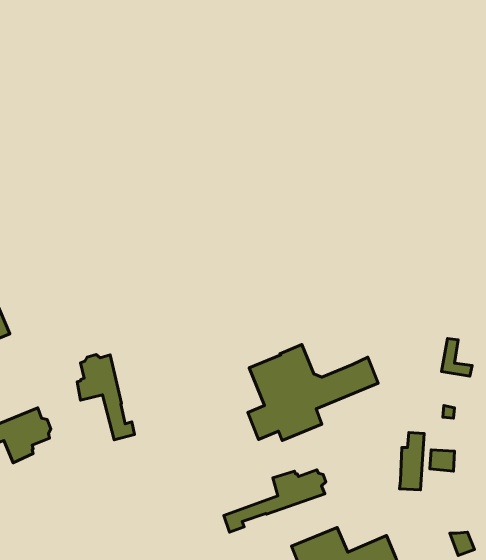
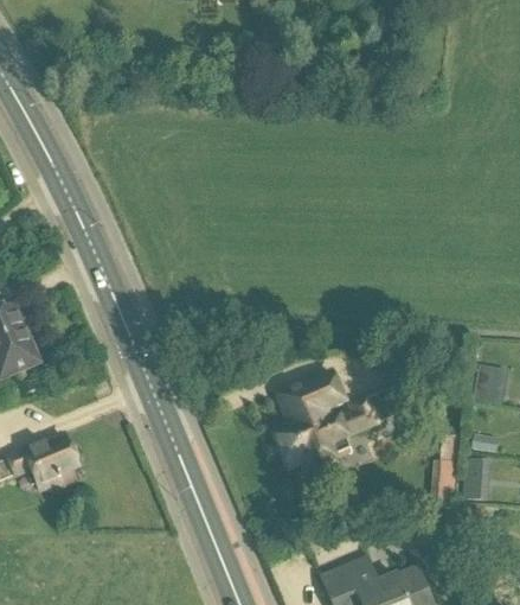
building: [77,355,135,440] -> none
building: [224,470,326,532] -> none

